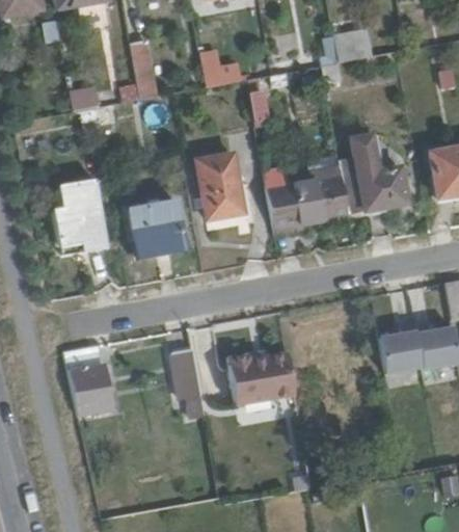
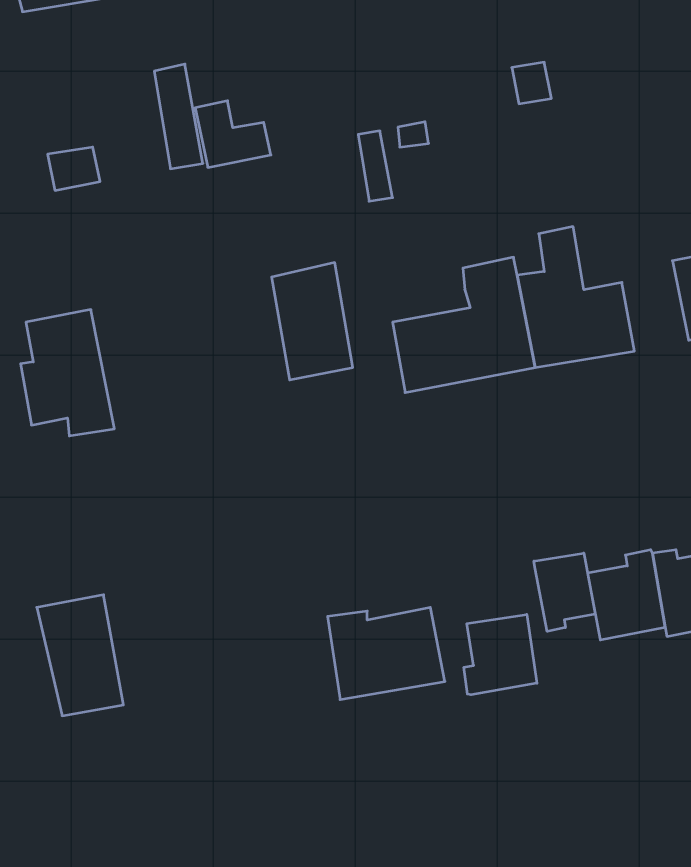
building: [200,46,244,84] -> [195,101,271,167]
building: [130,203,186,256] -> none
building: none -> [534,553,595,631]
building: [173,349,201,400] -> none
building: none -> [464,614,537,695]

